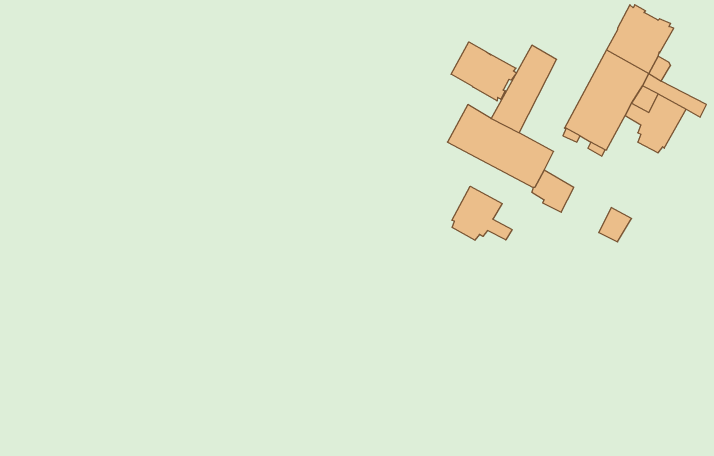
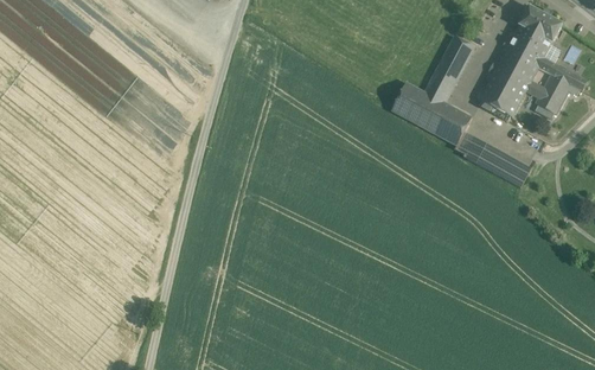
building: [451,42,517,101] -> none
building: [452,186,512,240] -> none
building: none -> [476,145,514,179]

